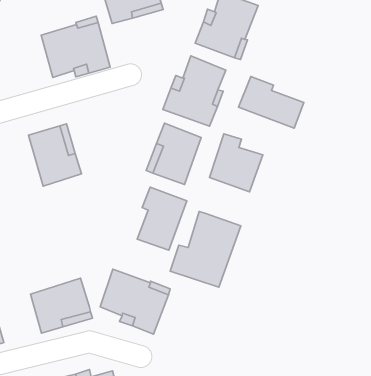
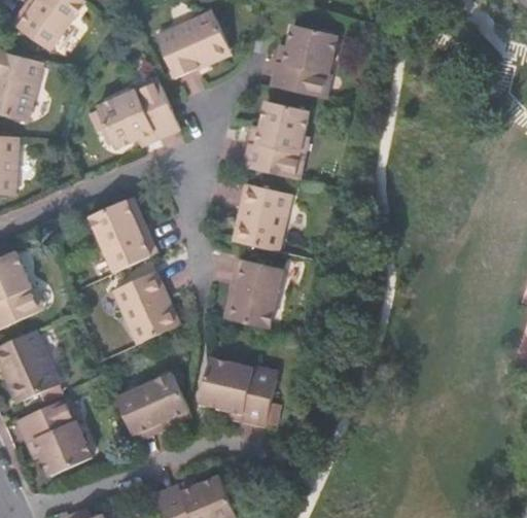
building: [238,76,304,128] -> none
building: [209,134,263,192] -> none
building: none -> [114,273,173,345]
building: [170,211,241,287] -> none

